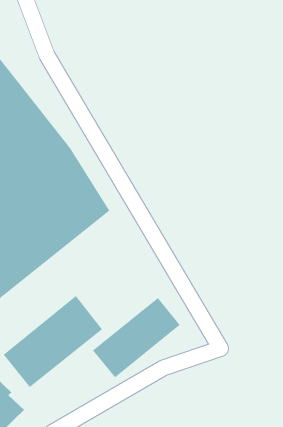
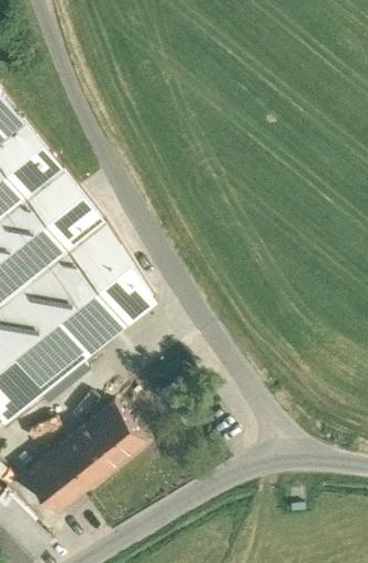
building: [92,297,180,378] -> none

